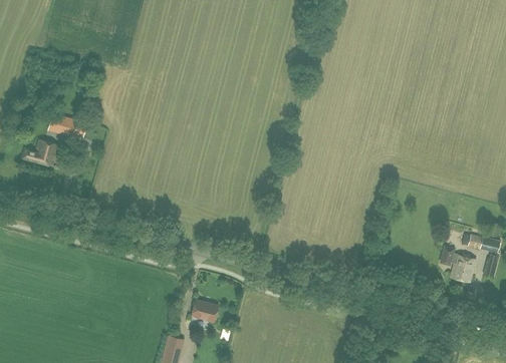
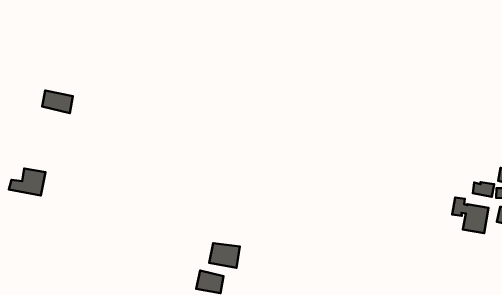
building: [21,139,57,166] -> [9,168,46,196]
building: none -> [209,243,240,268]

